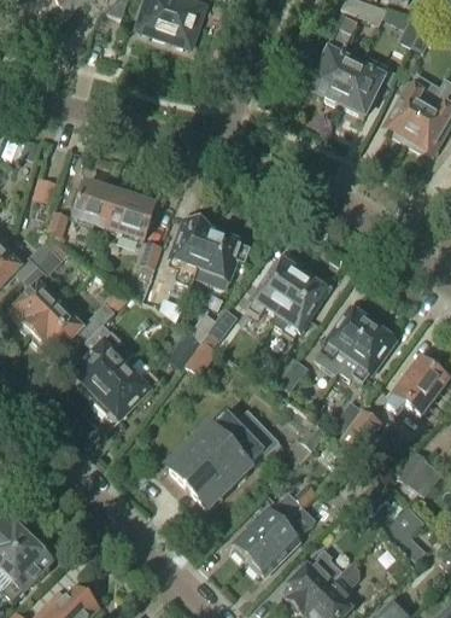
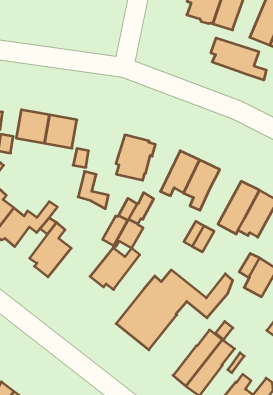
building: none -> [211,38,266,80]
building: [165,218,211,285] -> none
building: [92,365,158,418] -> [90,248,140,290]

